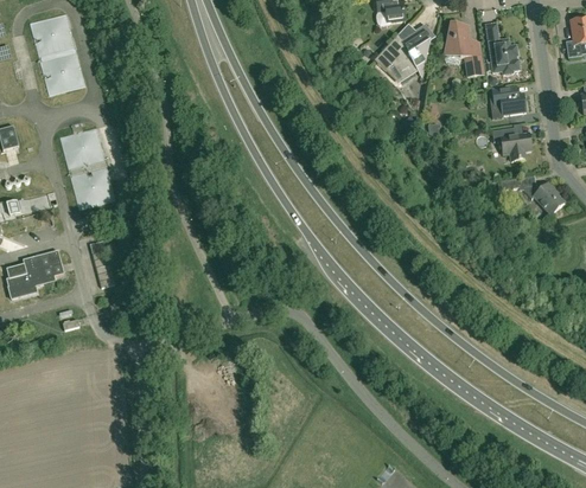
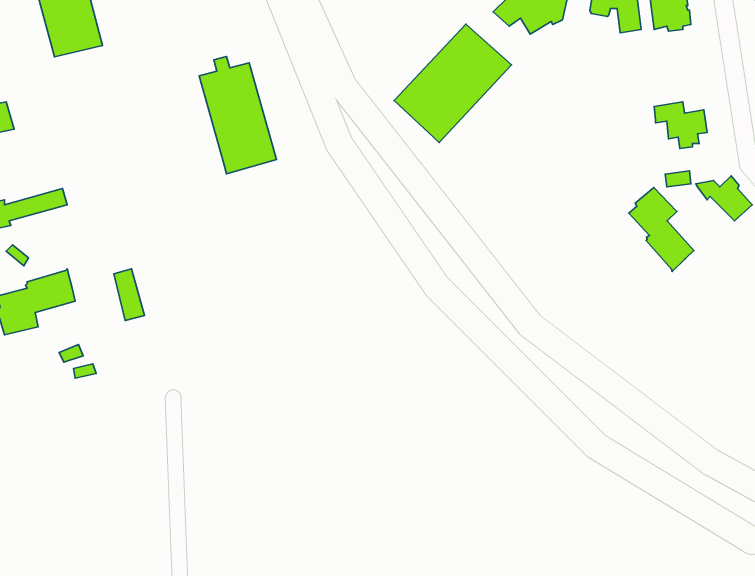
building: none -> [394,24,511,142]
building: [490,86,524,118] -> none
building: [59,123,116,210] -> [199,57,276,174]
building: none -> [629,188,694,271]

